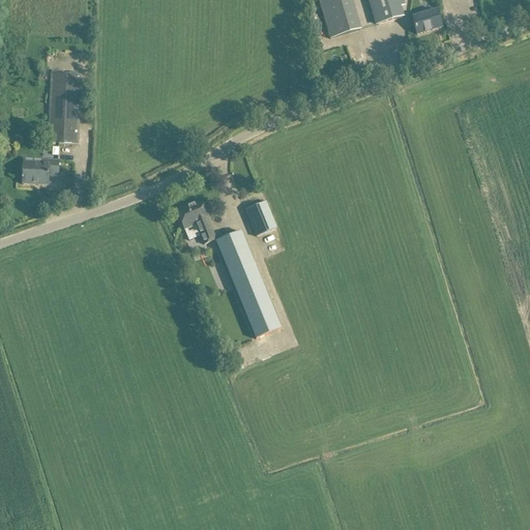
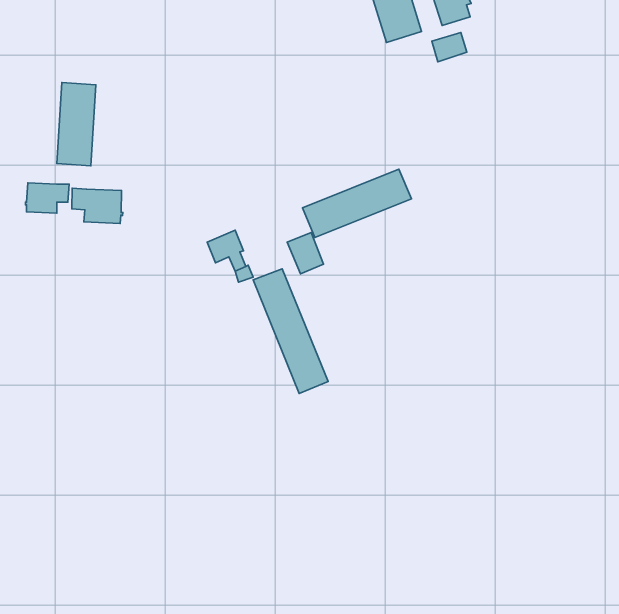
building: [412,7,442,32] -> [432,33,467,62]
building: none -> [302,169,411,237]
building: none -> [72,188,123,223]

